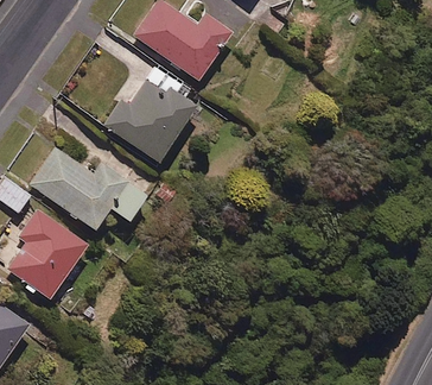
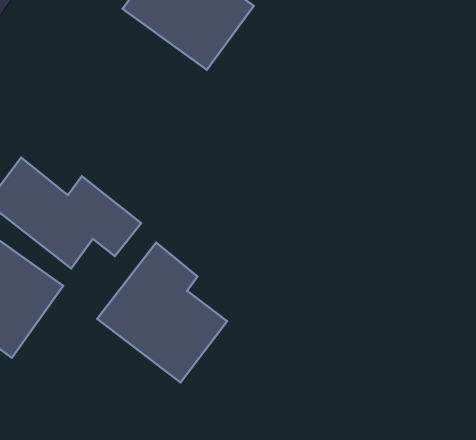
building: [104,65,197,163] -> none
building: none -> [97,243,227,382]

